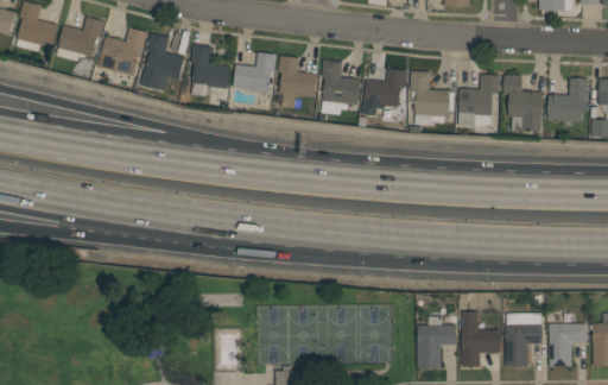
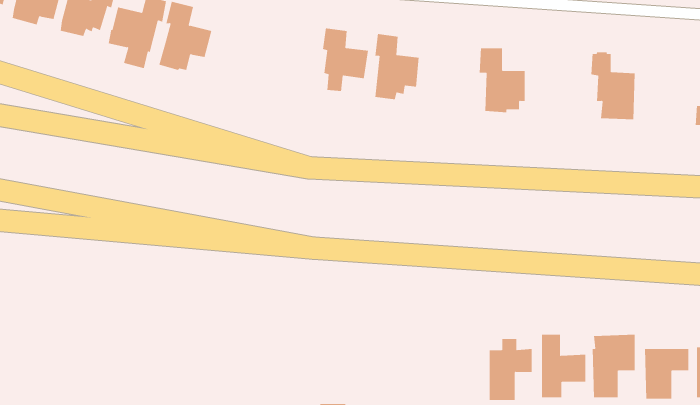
building: [191,44,229,96] -> none
building: [233,52,277,93] -> none
building: [361,69,406,116] -> none
building: [458,75,500,127] -> none
building: [547,78,589,121] -> none

